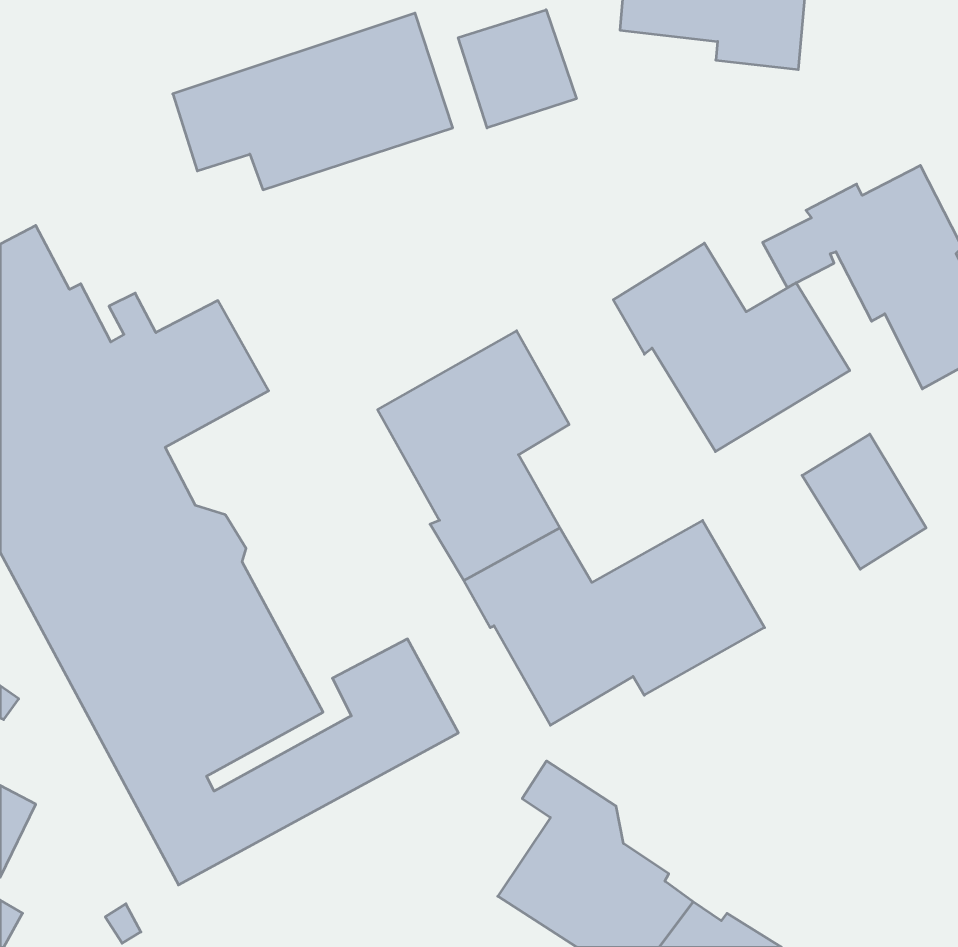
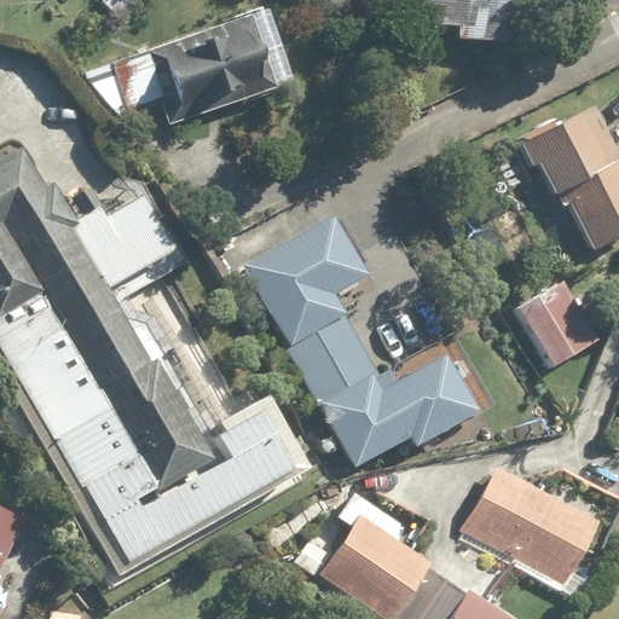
building: [458,10,576,128] -> none
building: [613,243,850,452] -> none
building: none -> [461,465,600,598]

